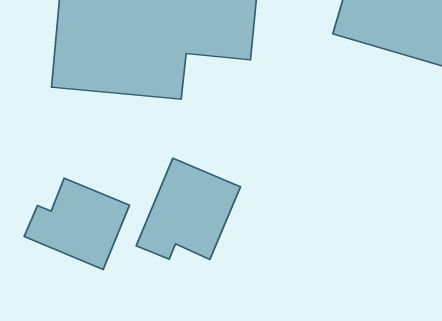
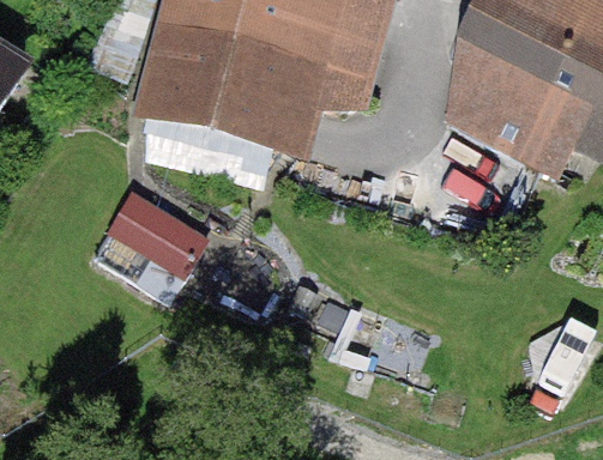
building: [136,158,240,259] -> none

